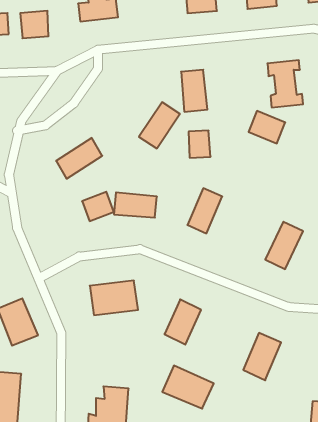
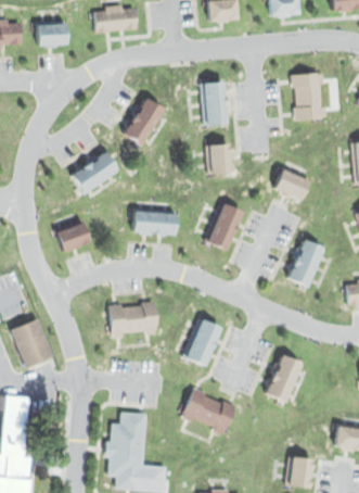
building: [139,102,180,148] -> [124,98,166,146]
building: [249,111,285,143] -> [274,166,312,200]
building: [82,192,114,221] -> [57,222,90,252]

